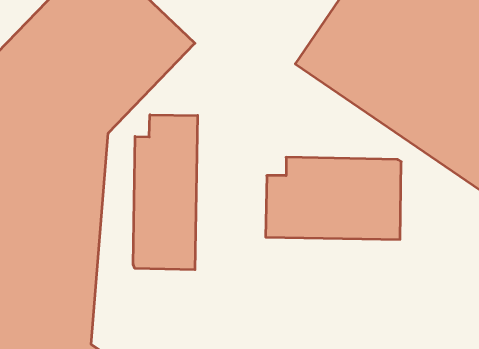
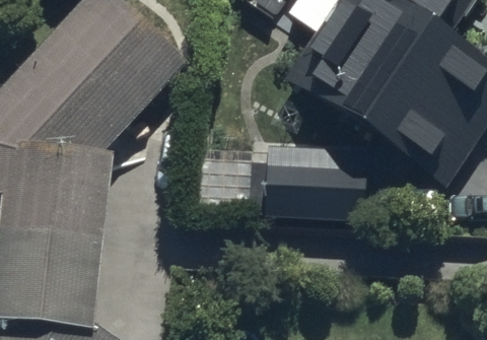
building: [133,115,198,270] -> none

